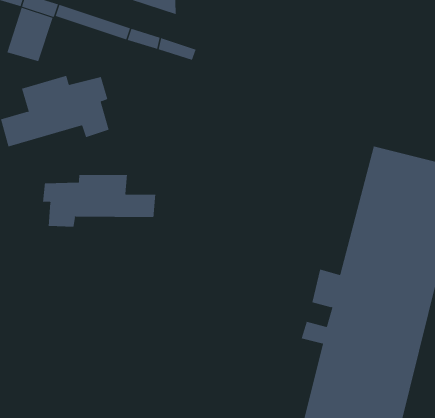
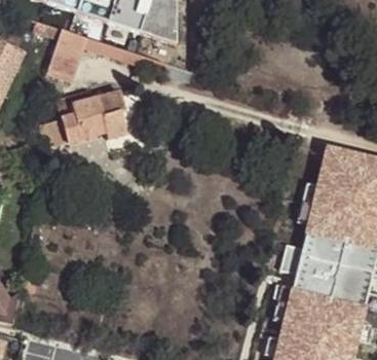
building: [43,174,156,227] -> none

